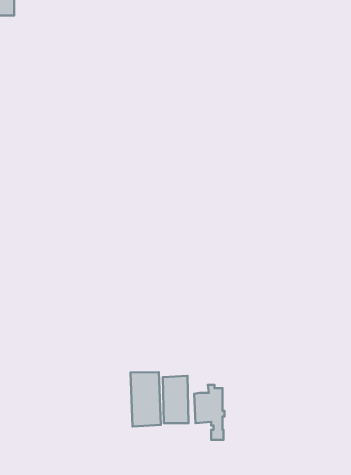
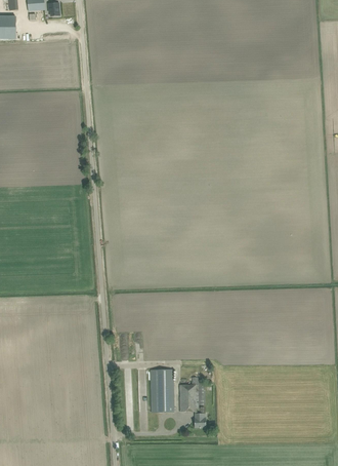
building: [130,372,161,427] -> none

